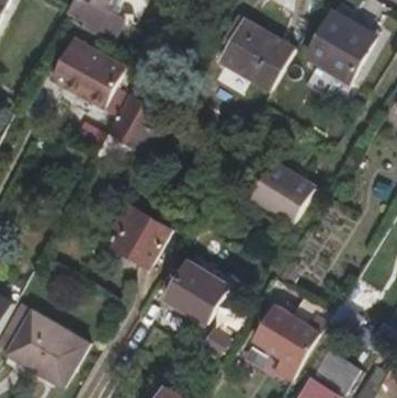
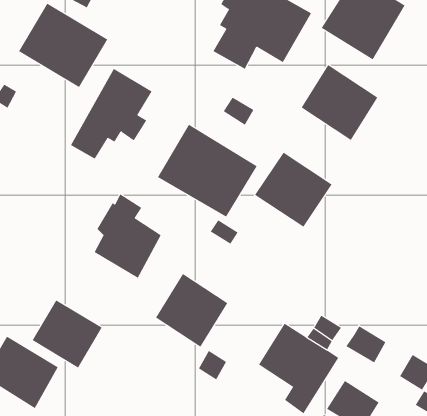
building: none -> [301,64,378,141]
building: none -> [157,124,257,218]
building: none -> [32,299,102,368]

